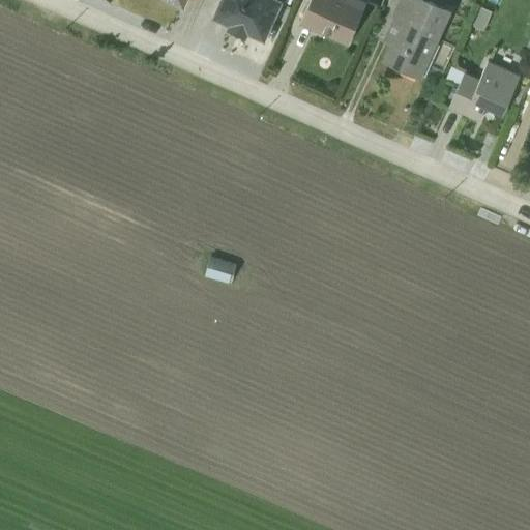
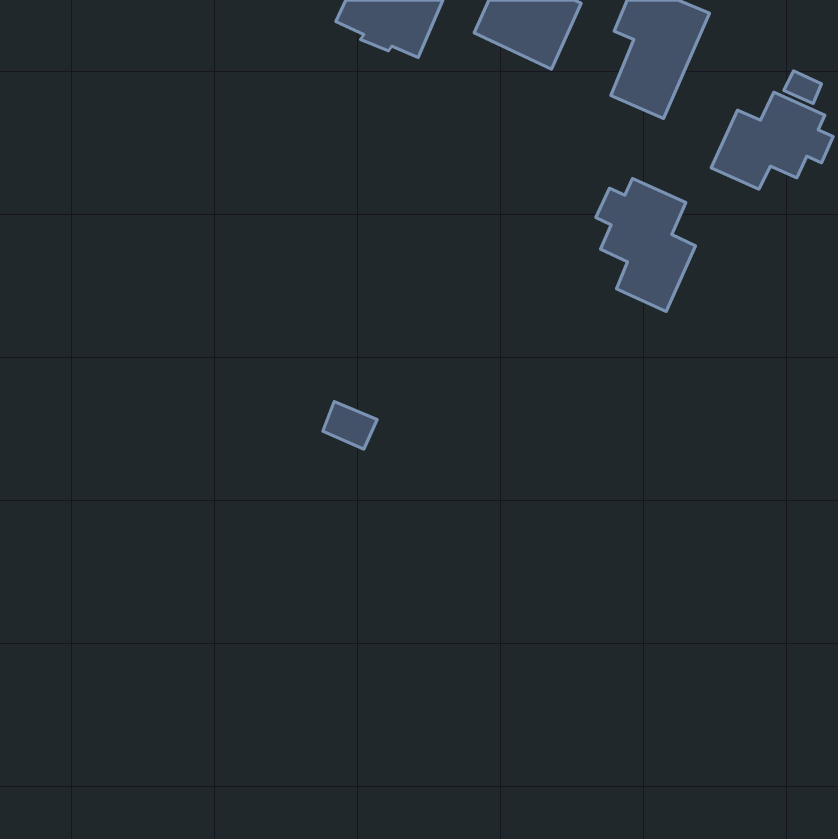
building: none -> [596,178,696,311]

